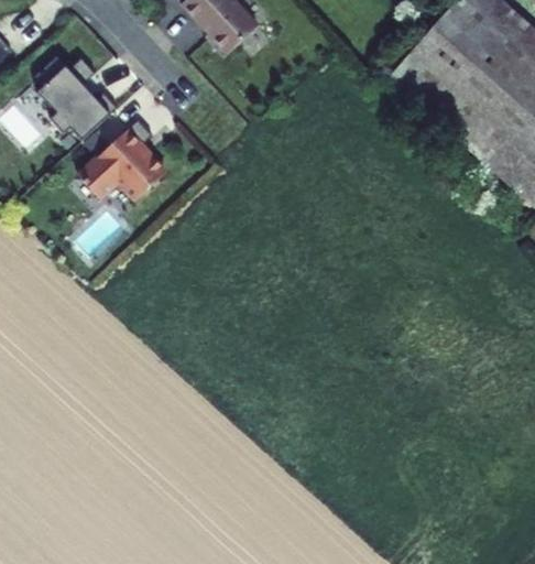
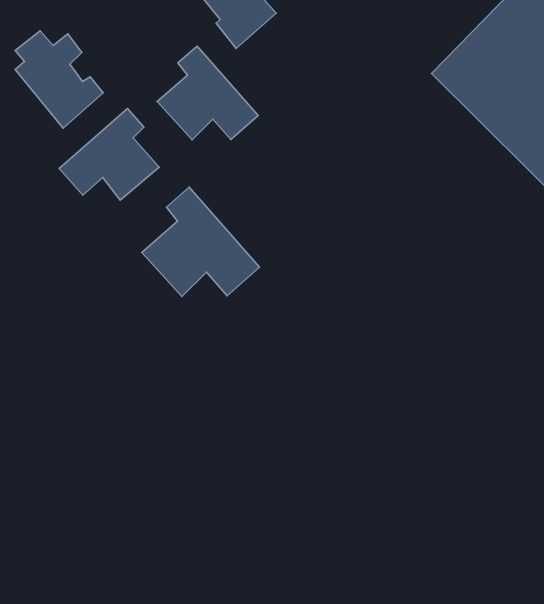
building: none -> [157,46,258,140]
building: none -> [142,187,259,297]

